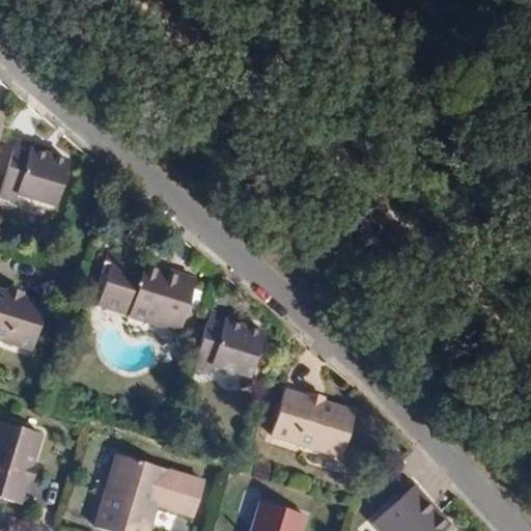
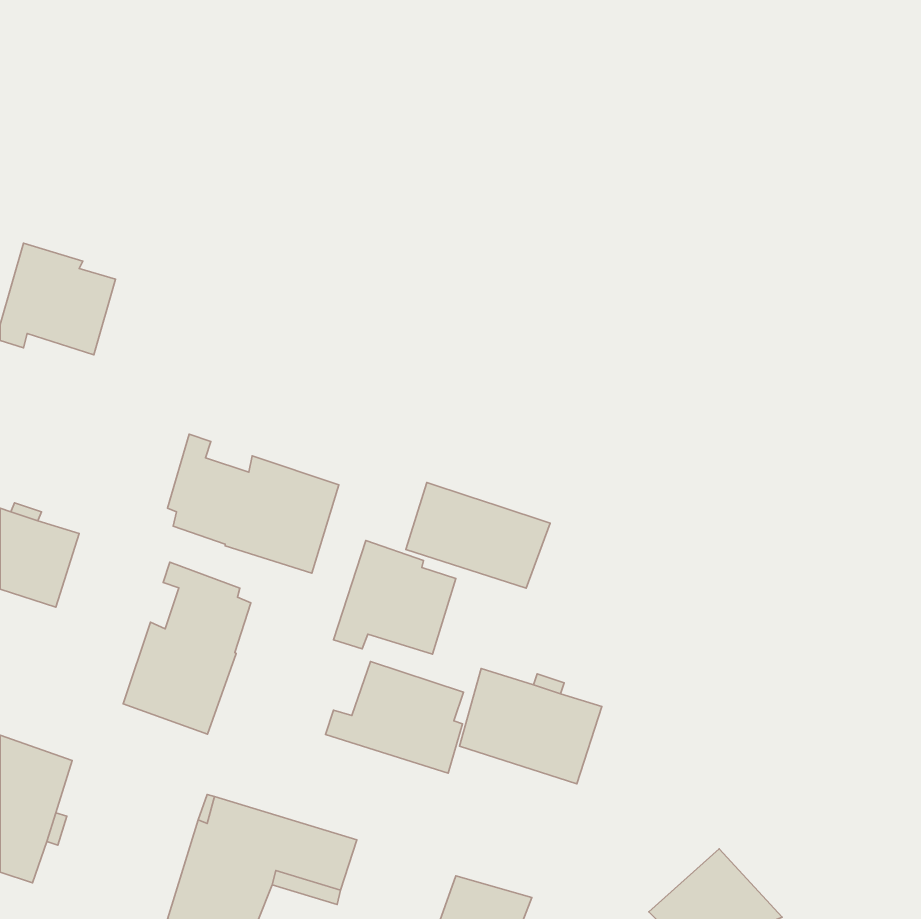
building: none -> [406,482,550,588]
building: none -> [123,562,251,734]
building: none -> [325,662,463,773]

